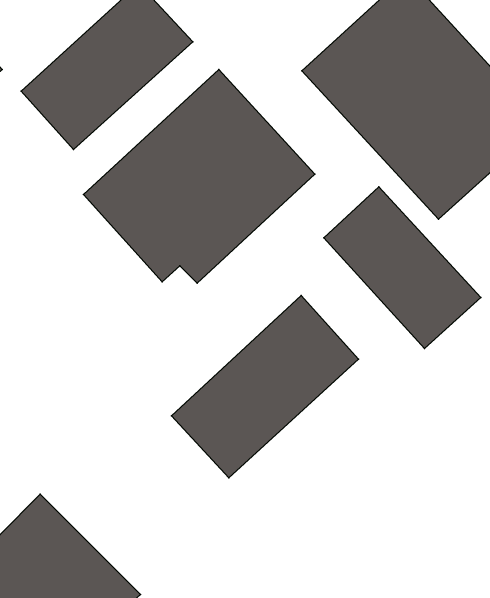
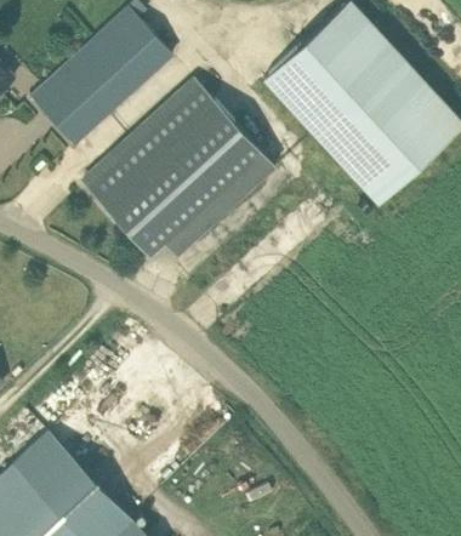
building: [324,187,481,348] -> none
building: [171,296,359,478] -> none

